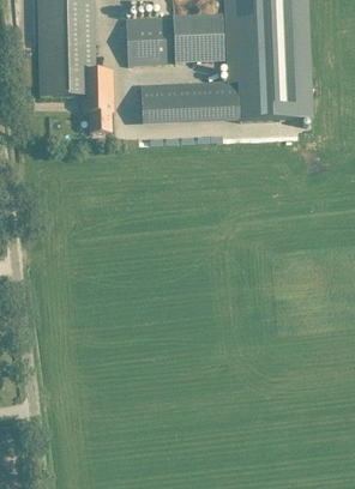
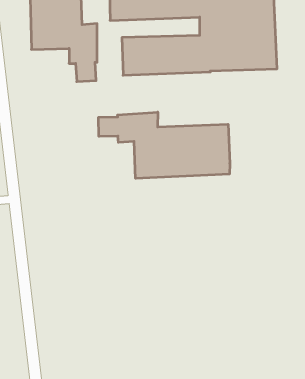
building: none -> [99,112,230,178]

